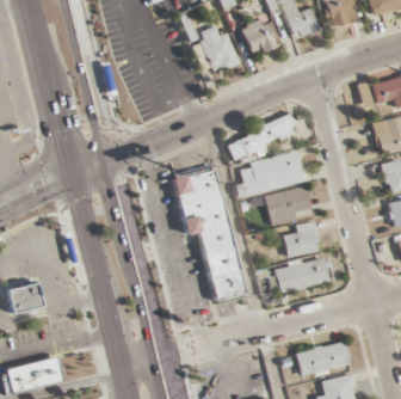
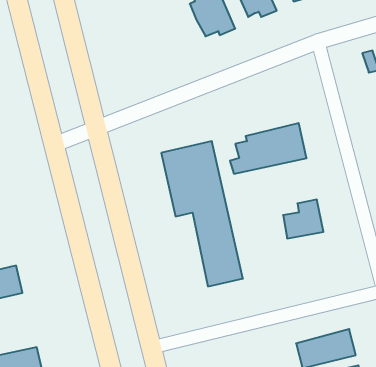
building: [226,116,297,160] -> none
building: [265,186,311,226] -> none
building: [274,257,329,293] -> none

